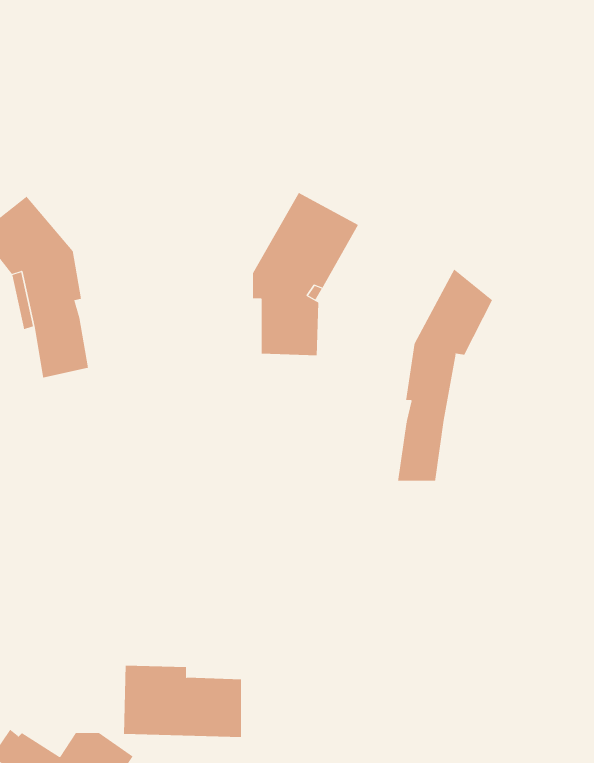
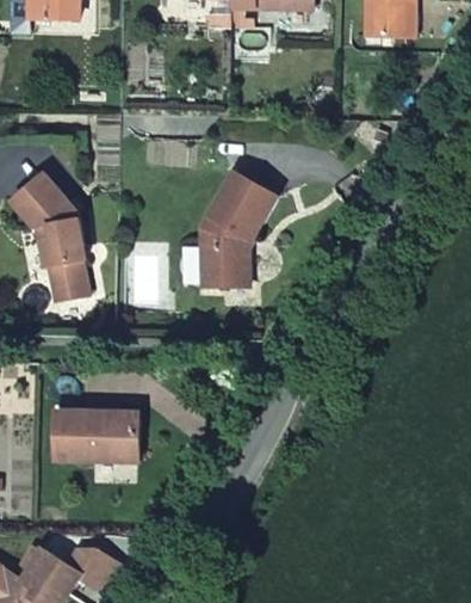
building: [397,269,493,482] -> none
building: [123,665,242,738] -> [52,413,135,463]

